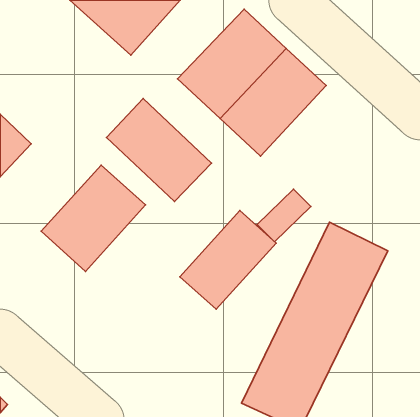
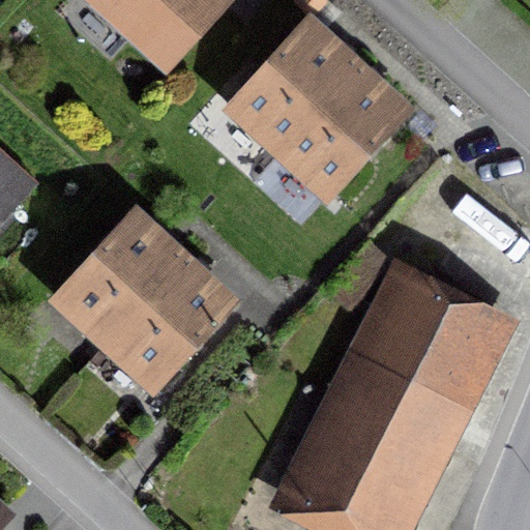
building: [106,98,211,202] -> none
building: [180,210,276,309] -> [108,262,229,386]

